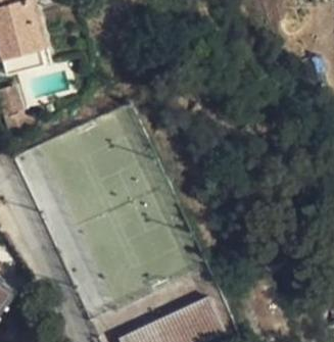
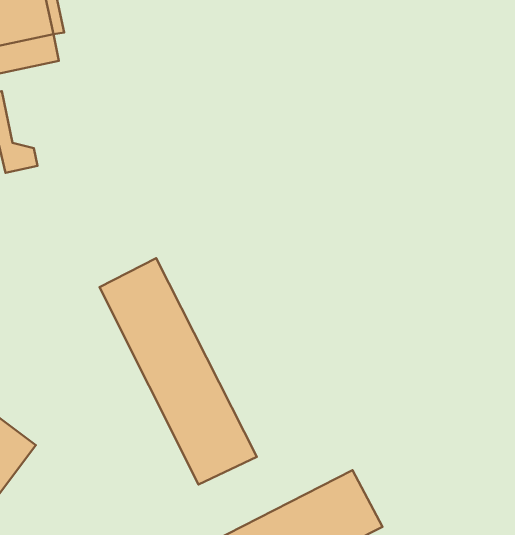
building: none -> [100,258,257,484]

